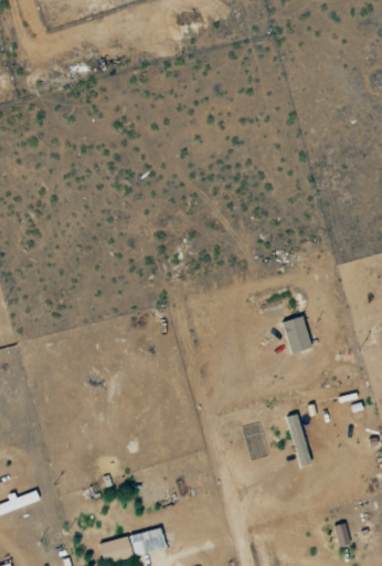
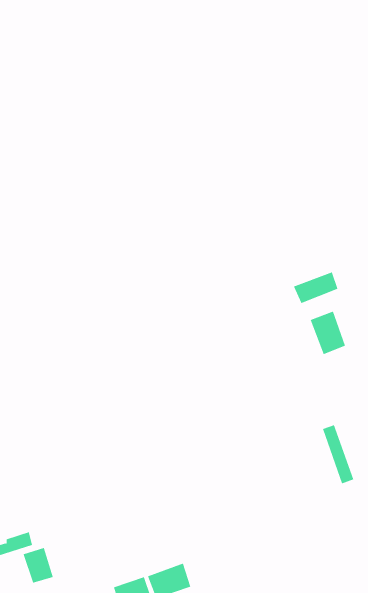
building: none -> [293,271,338,304]
building: none -> [23,547,54,584]

